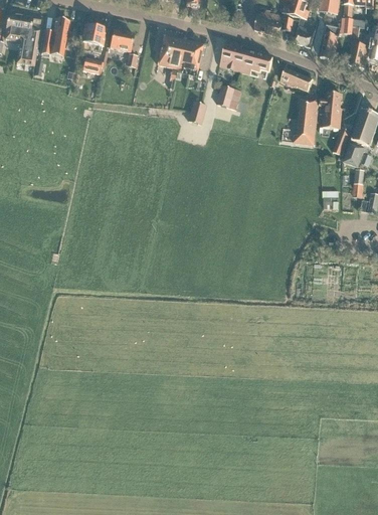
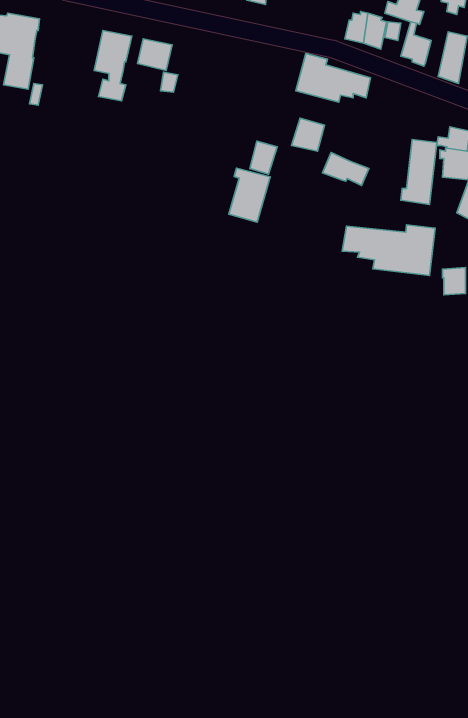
building: [41,18,69,57] -> none
building: [158,35,203,73] -> none
building: [280,67,313,91] -> [323,153,369,186]
building: none -> [229,168,270,222]
building: none -> [342,225,435,275]

